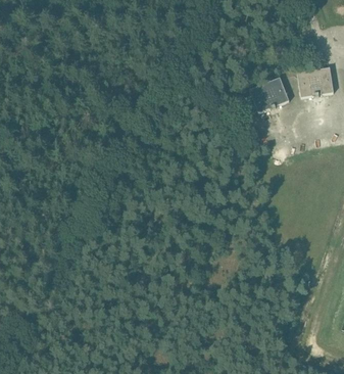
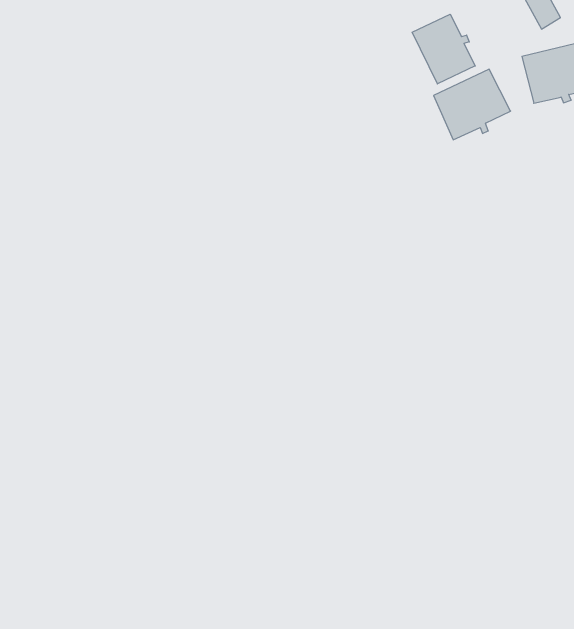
building: none -> [412,14,475,84]

